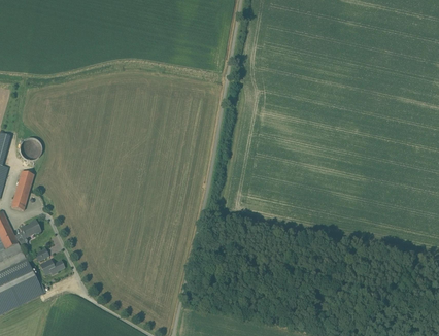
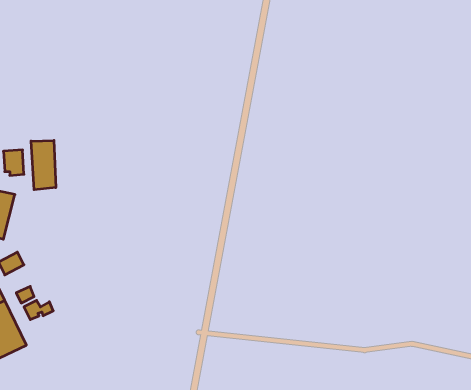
building: none -> [31,140,56,190]

